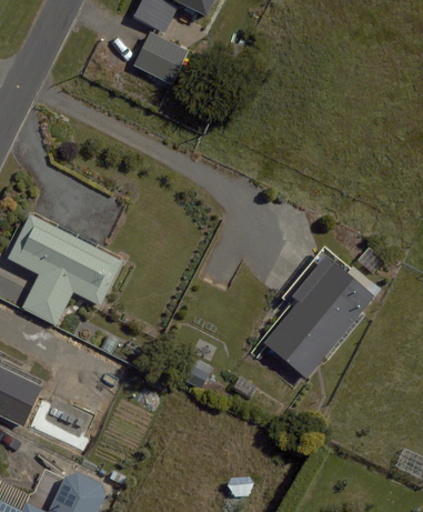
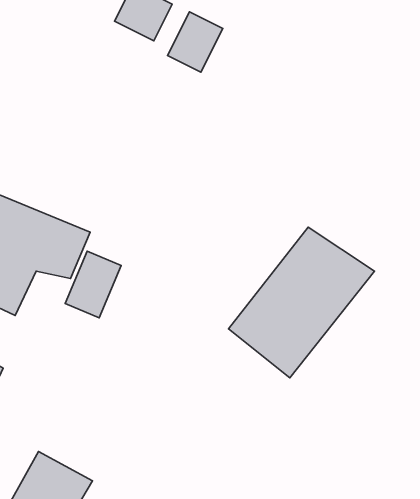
building: none -> [168,12,223,72]
building: none -> [65,251,121,318]

